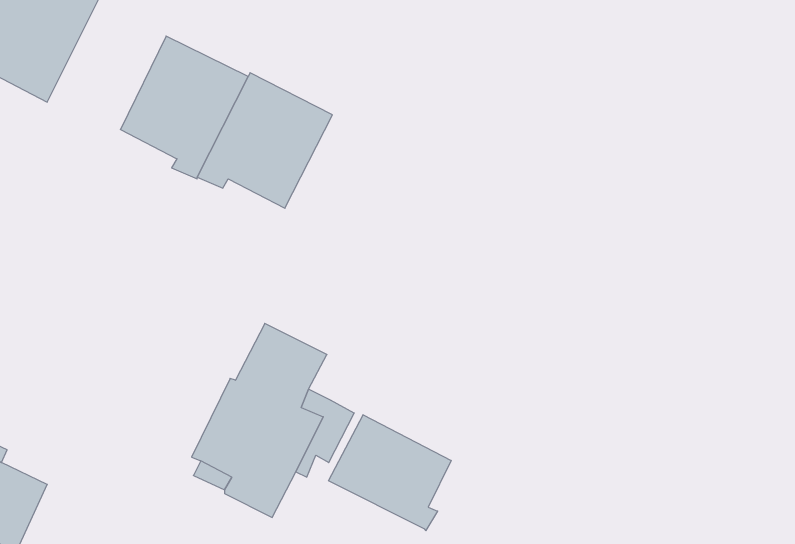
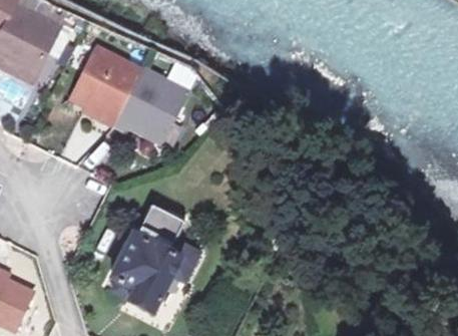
building: [329,415,451,531] -> none

